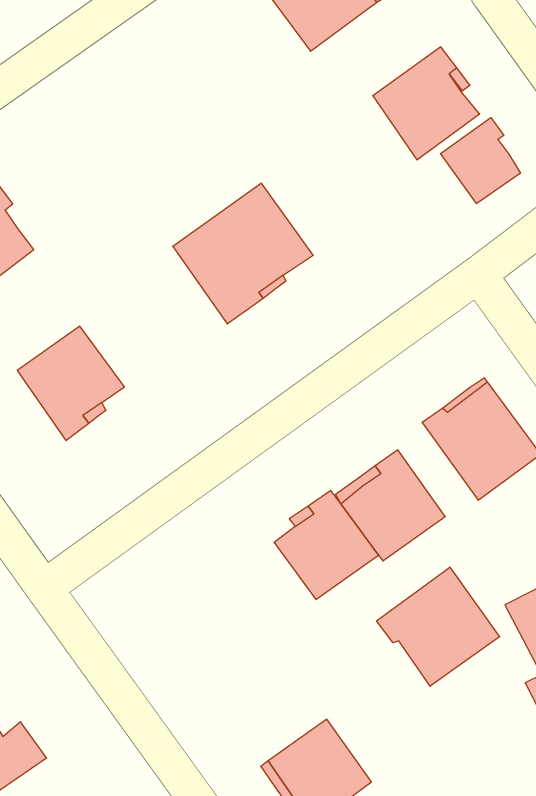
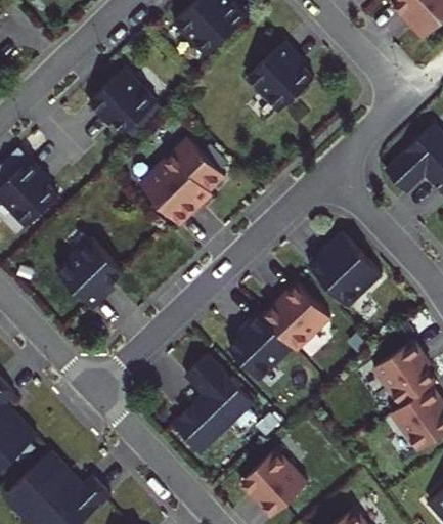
building: none -> [91,66,159,130]
building: [441,118,520,204] -> none
building: none -> [171,355,251,454]
building: [377,567,500,686] -> none

